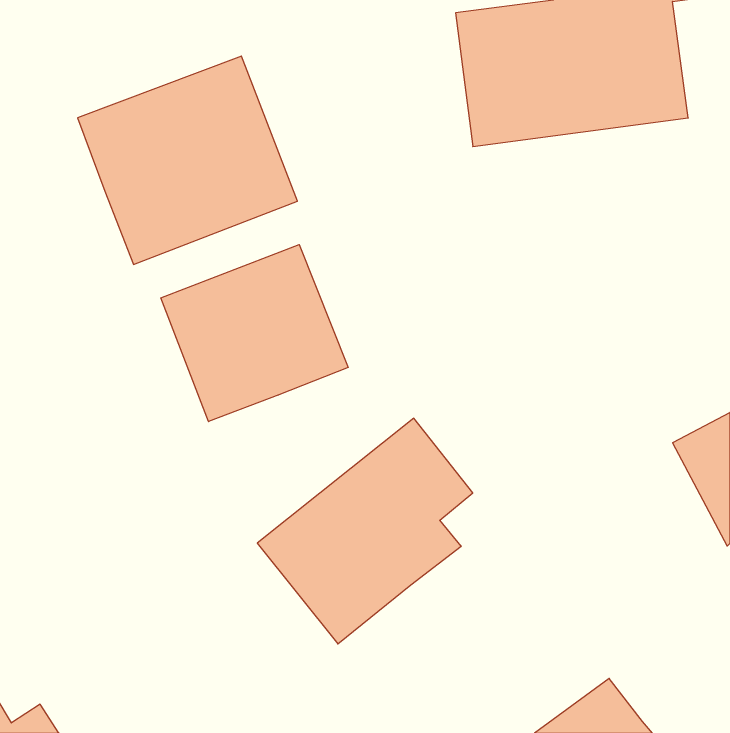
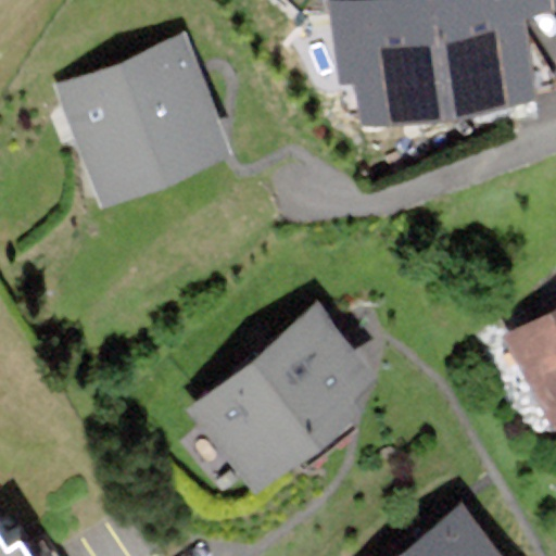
building: [161,245,348,422] -> none

